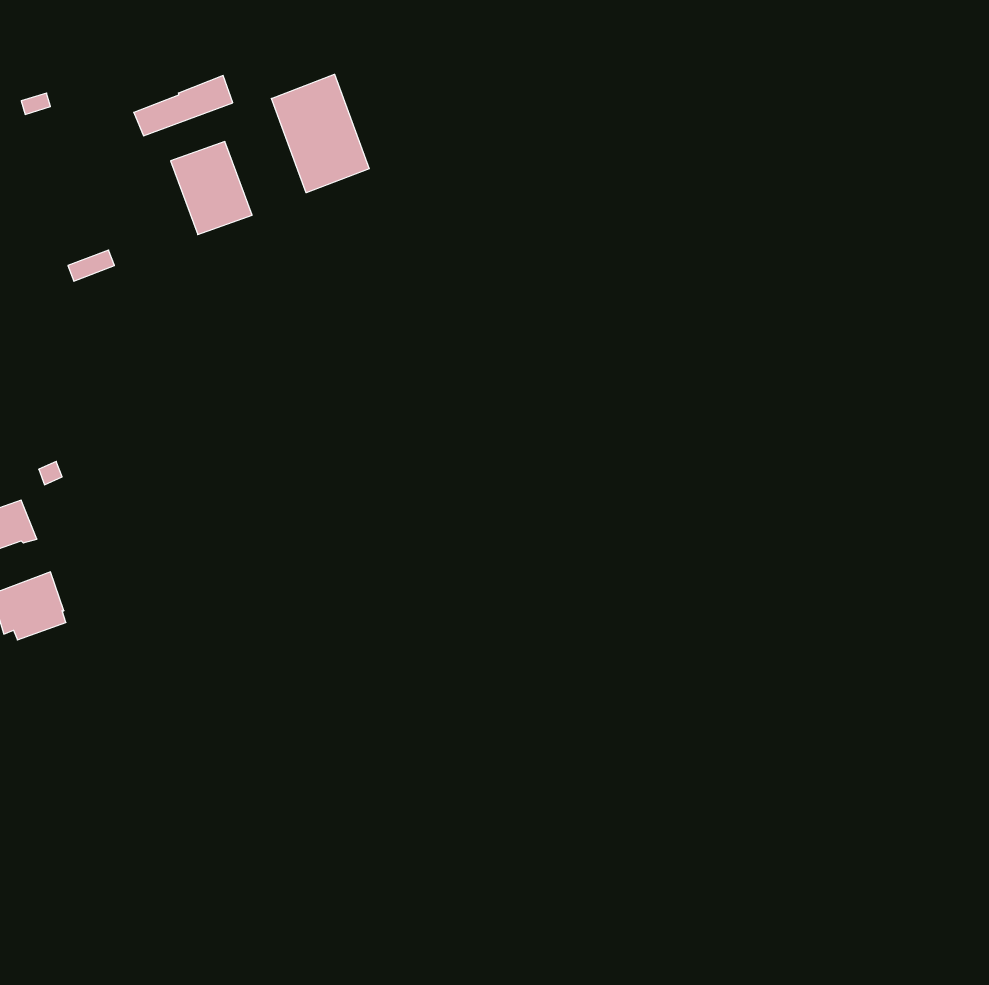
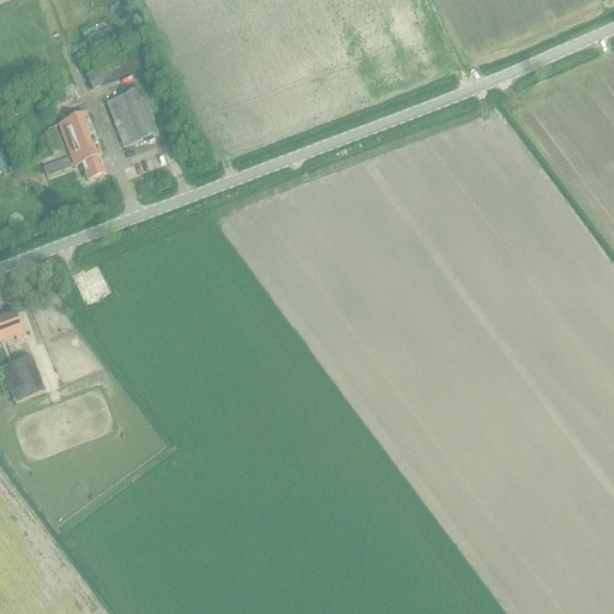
building: [271,74,369,193] -> none
building: none -> [58,113,104,179]

